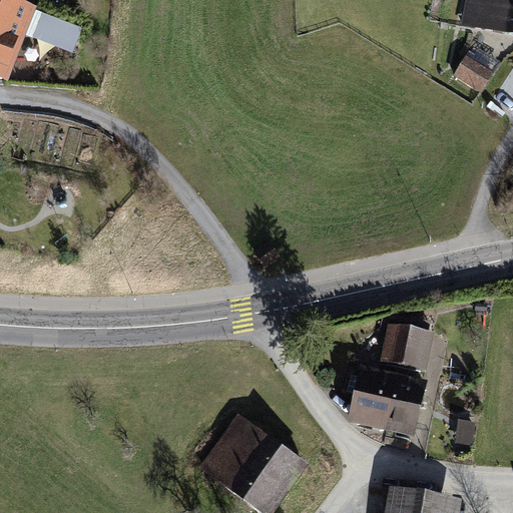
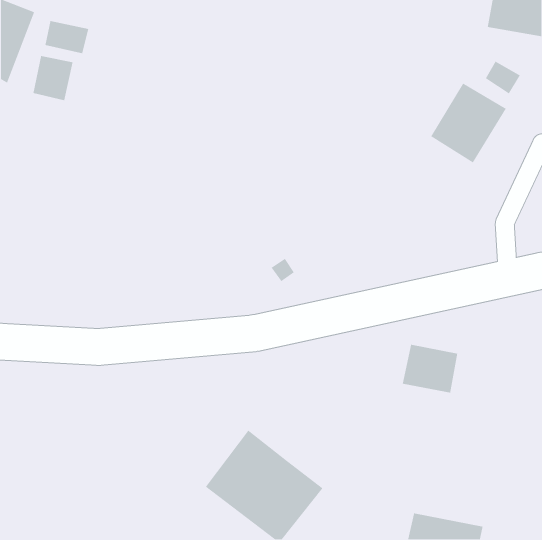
building: none -> [32,55,73,101]
building: none -> [430,82,507,163]
building: [348,375,425,438] -> none

